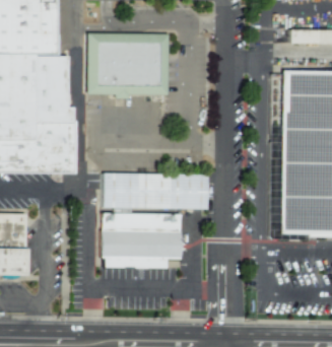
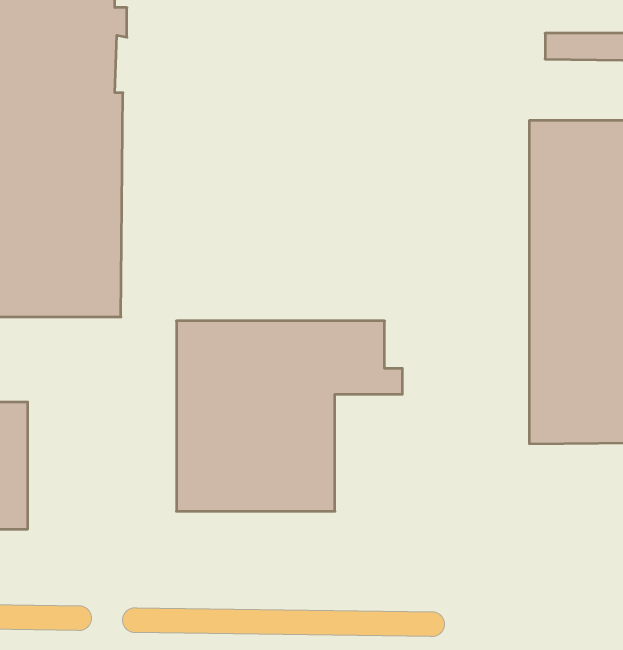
building: [91,34,171,105] -> none

